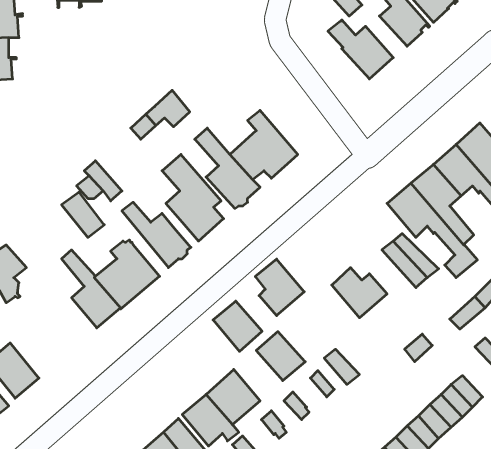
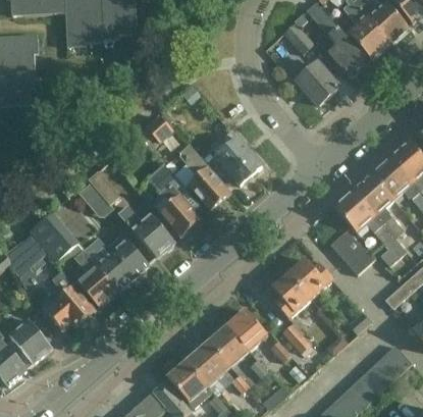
building: none -> [30,212,80,263]
building: [255,259,304,316] -> [272,272,312,318]
building: none -> [47,272,95,330]
building: [213,301,262,351] -> [210,325,250,366]

